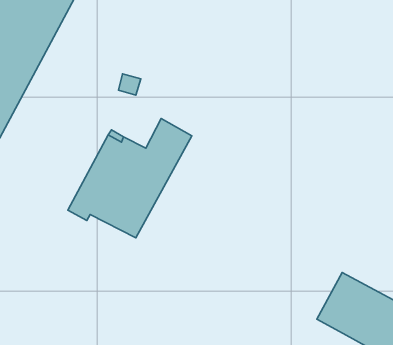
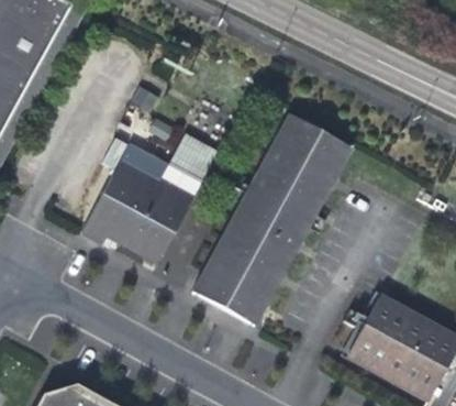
building: none -> [194,118,342,322]

